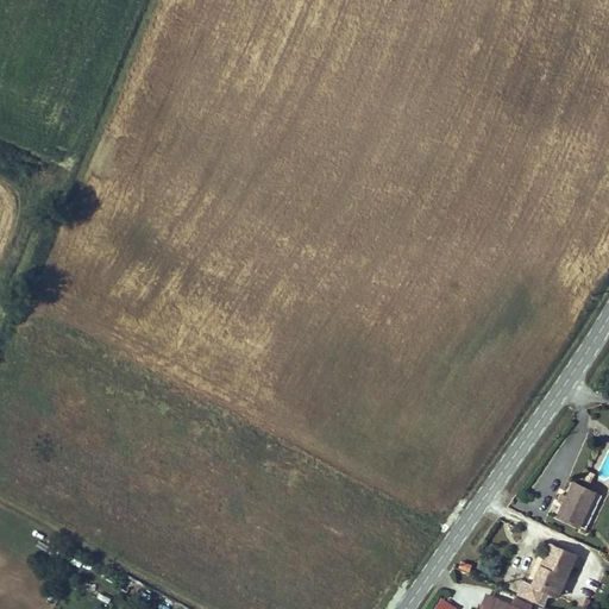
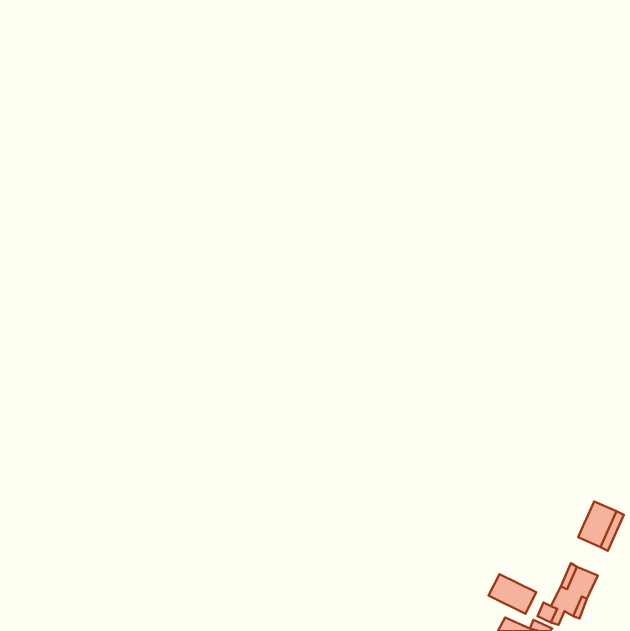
building: none -> [489,574,536,614]

